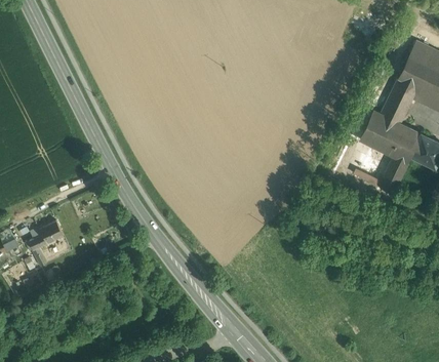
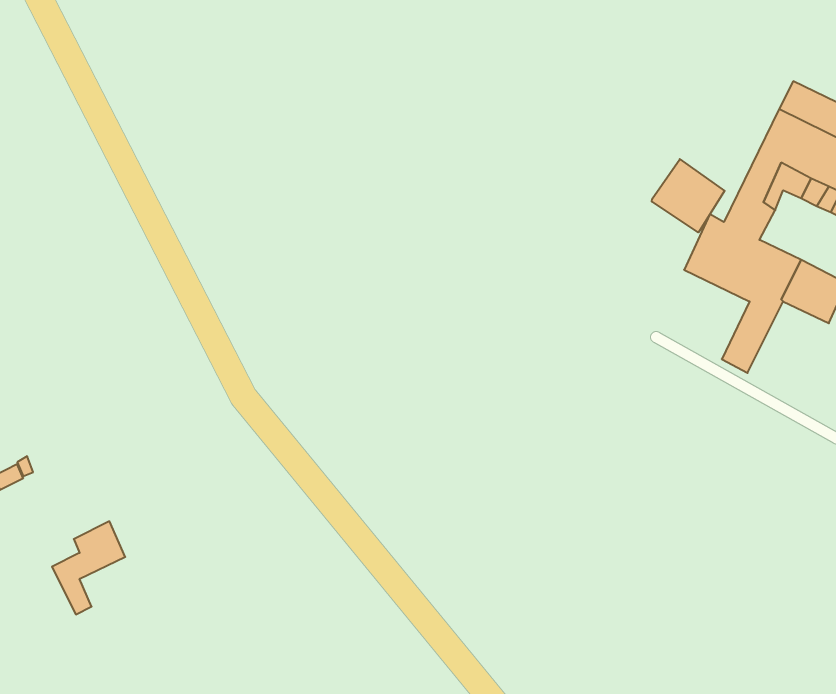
building: none -> [652,159,725,232]
building: [31,219,69,268] -> [52,521,125,614]

